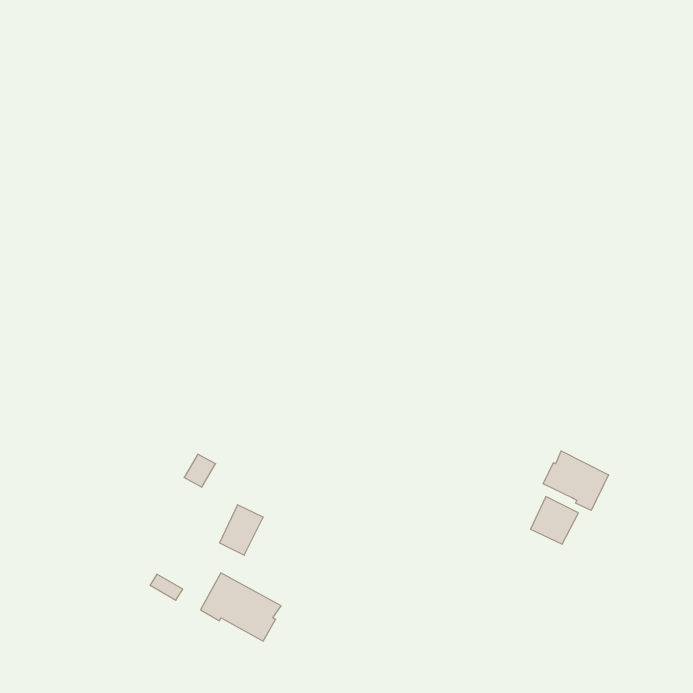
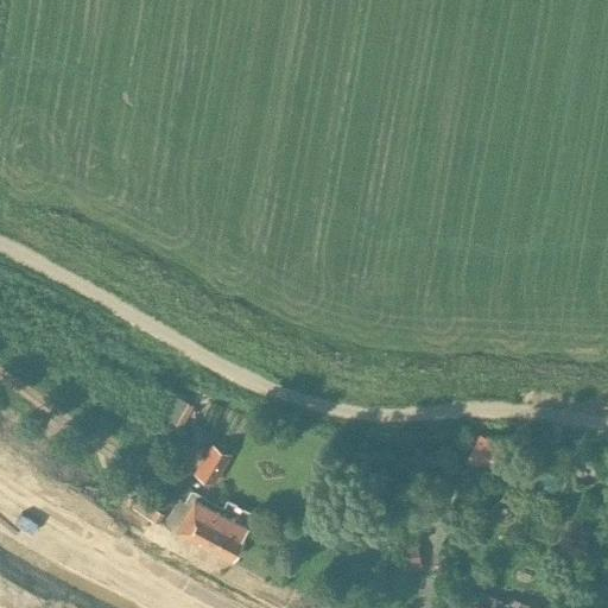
building: [543,451,609,510] -> none

